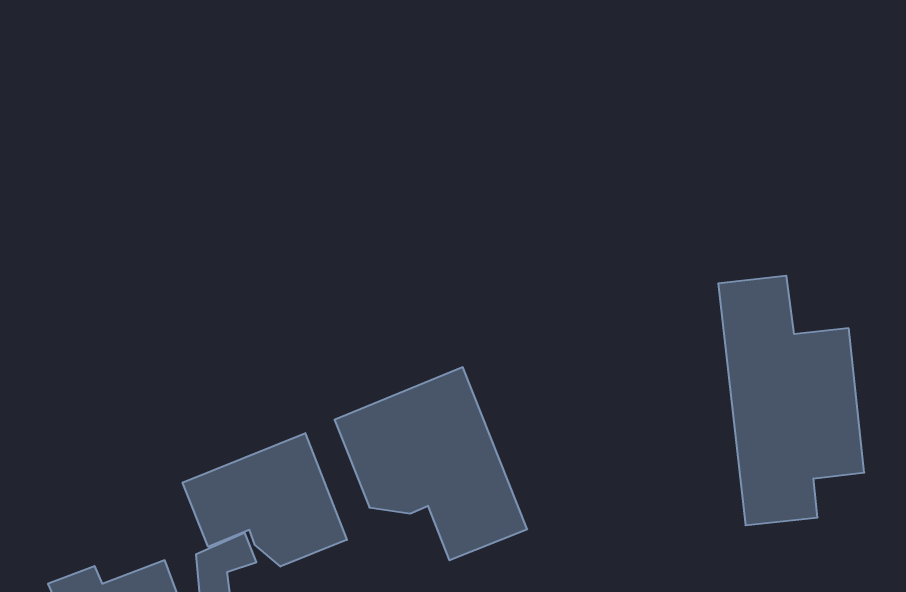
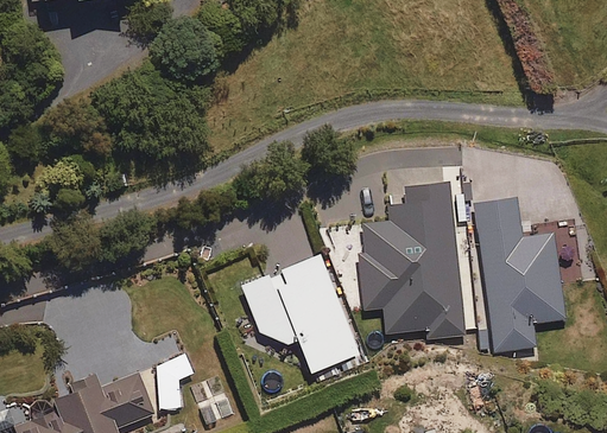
building: none -> [358,182,466,337]
building: [183,433,347,567] -> none

